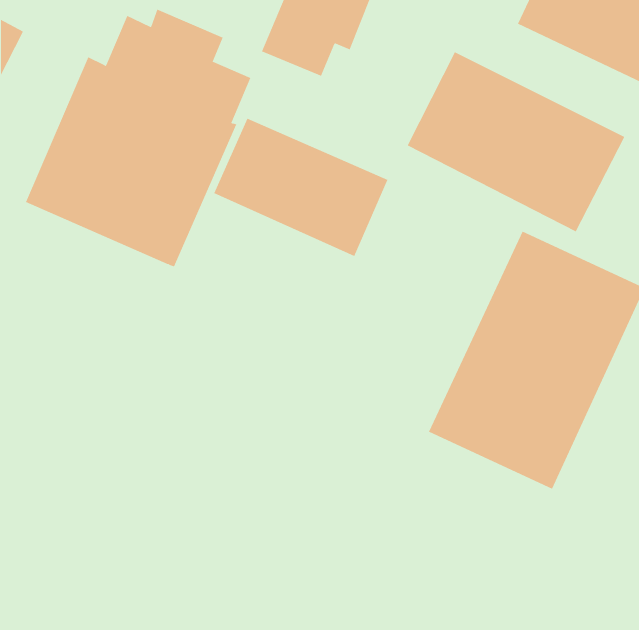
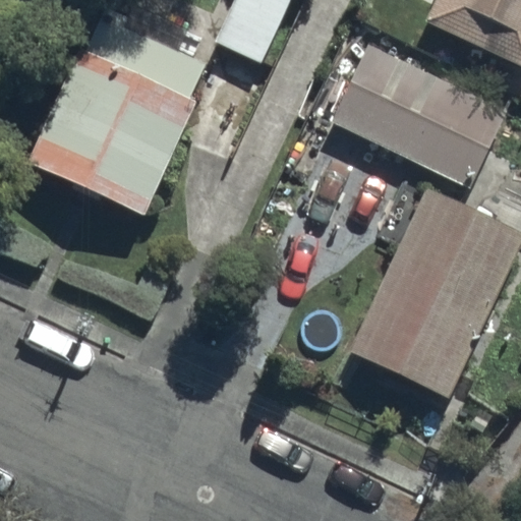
building: [213,118,388,257] -> none

